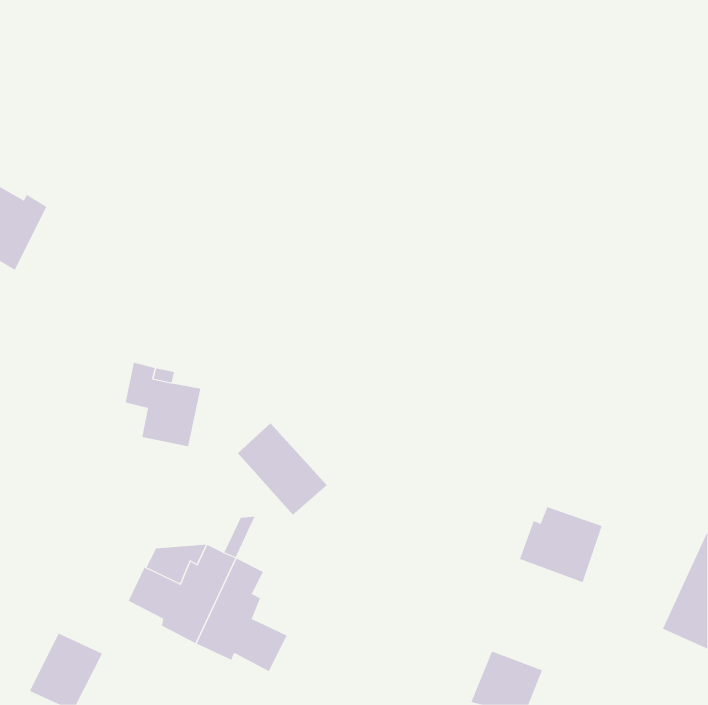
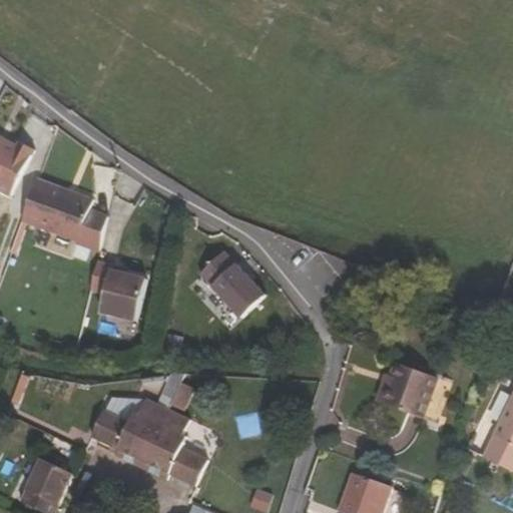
building: none -> [23,177,107,250]
building: [237,423,327,516] -> [196,248,262,316]

